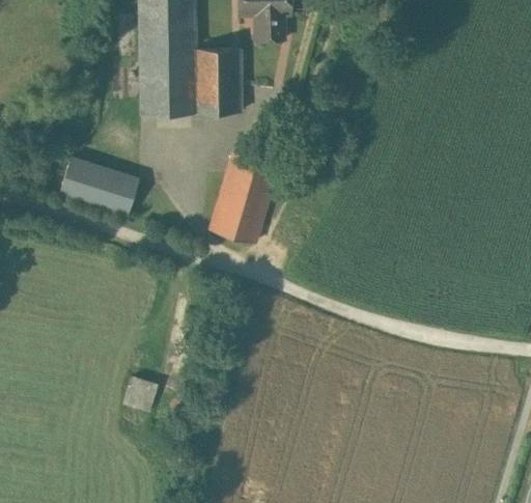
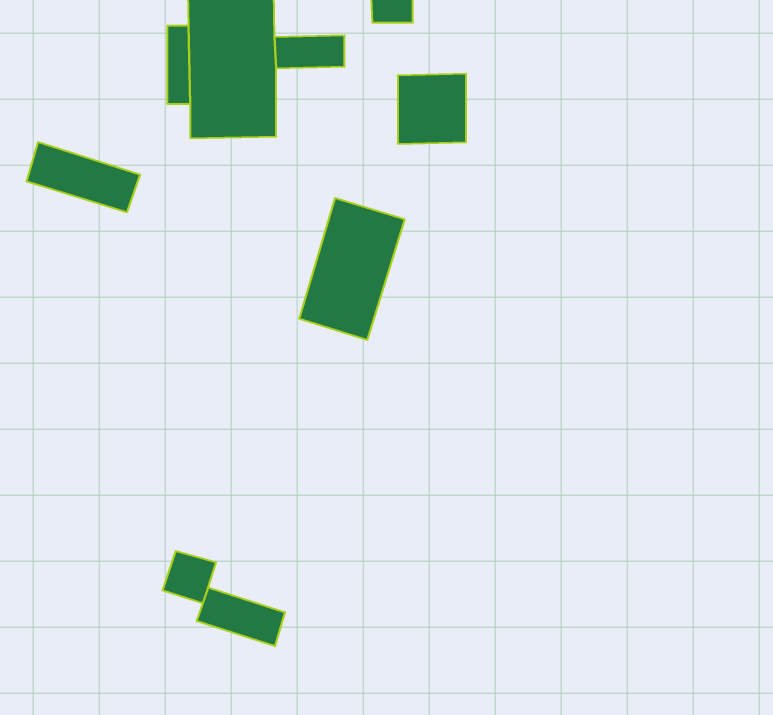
building: [197,66,241,111] -> [398,74,466,144]
building: [61,168,134,213] -> [26,142,140,212]
building: none -> [197,588,285,646]

